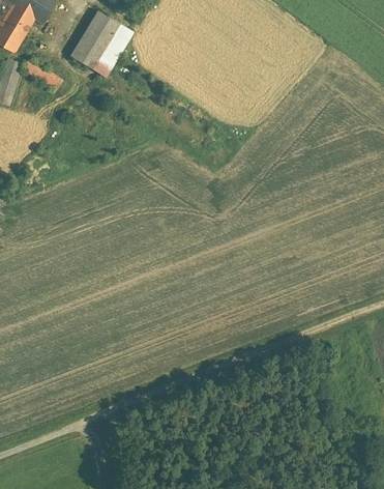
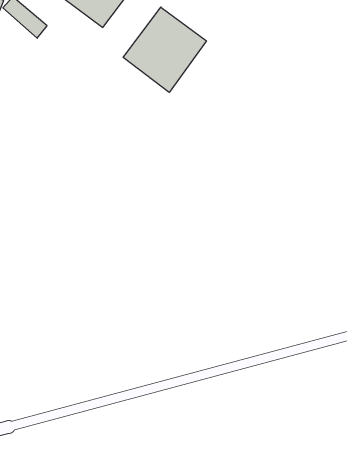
building: none -> [123,7,206,92]

